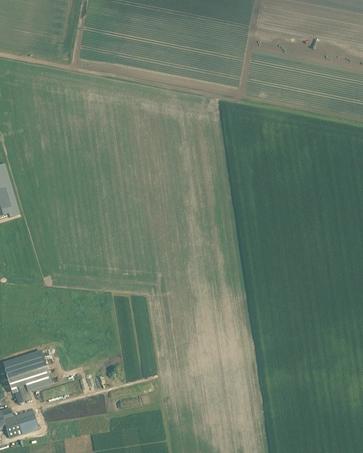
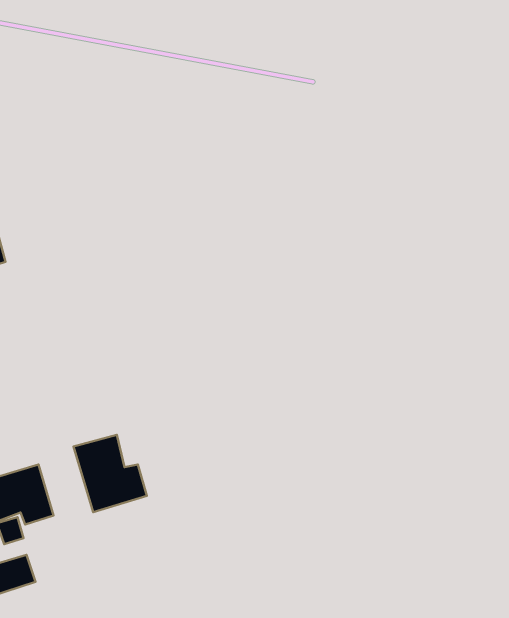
building: none -> [74,435,147,512]

